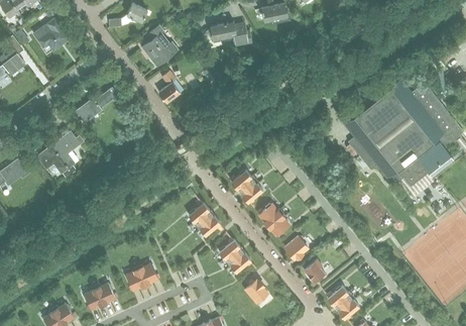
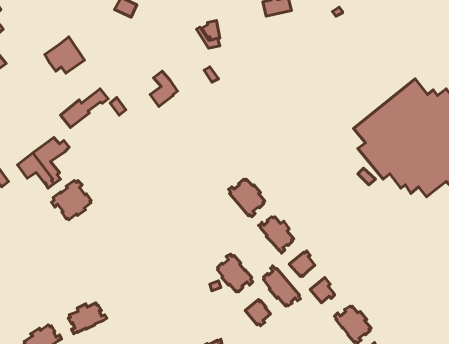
building: [34,16,71,49] -> [45,37,84,73]
building: [218,21,251,42] -> none
building: [143,25,177,66] -> none
building: none -> [52,180,91,220]
building: [188,199,223,236] -> none
building: none -> [263,266,301,306]
building: [125,263,160,291] -> none

